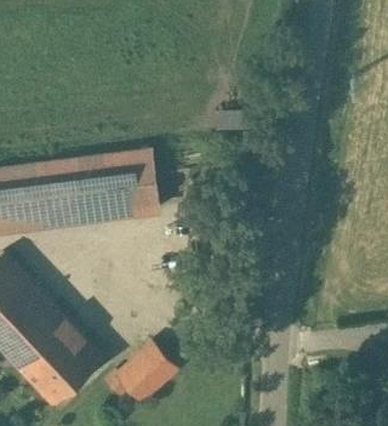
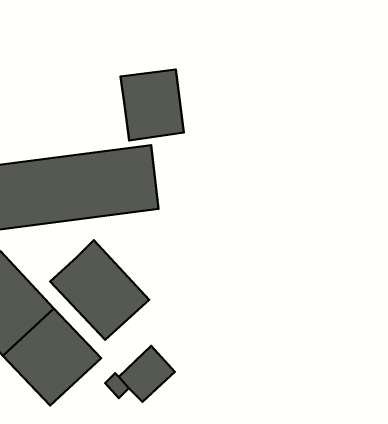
building: none -> [120,69,184,140]
building: none -> [50,240,149,340]

